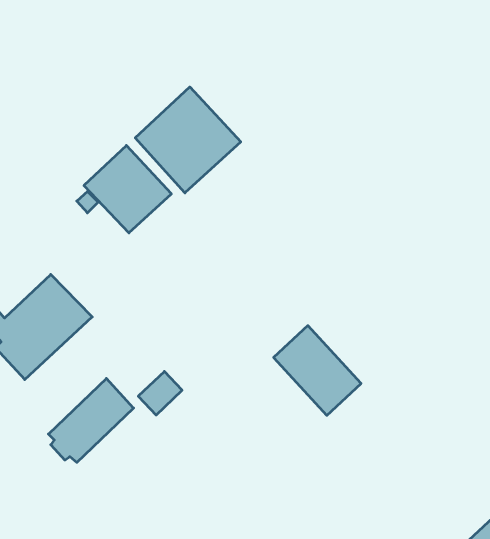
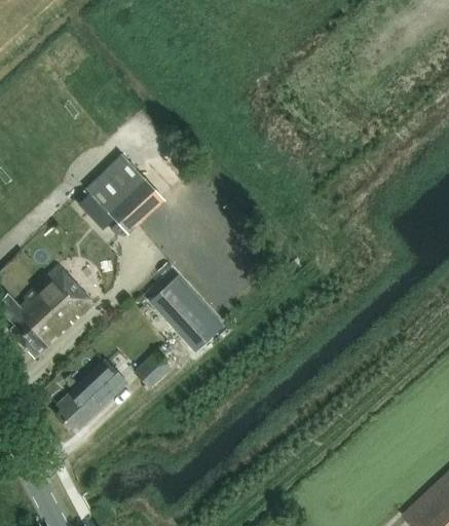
building: [135,87,241,193] -> none
building: [274,326,361,415] -> [150,275,226,353]

